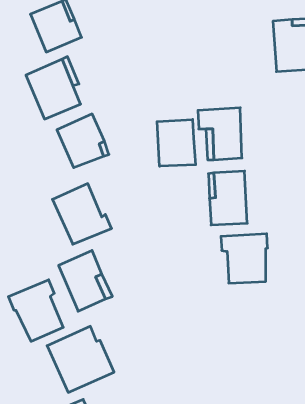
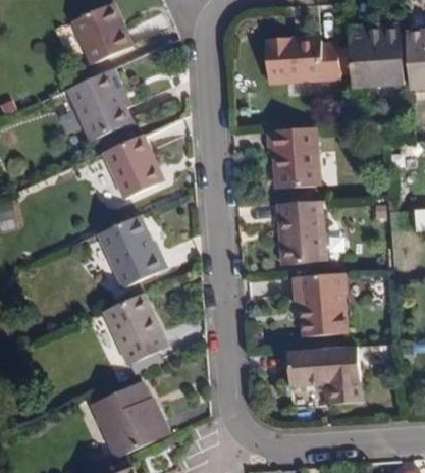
building: none -> [269,37,341,83]
building: [157,119,196,166] -> none
building: [8,280,63,341] -> none
building: none -> [286,347,361,405]

